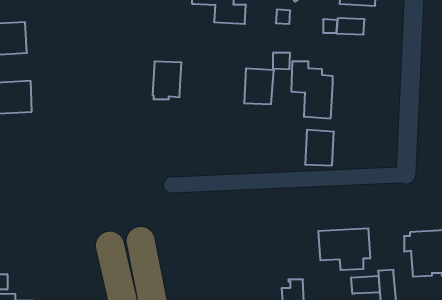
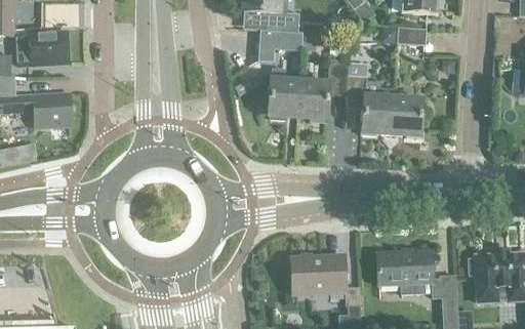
building: none -> [260,31,302,49]
building: [153,61,181,99] -> [269,79,299,119]
building: [305,130,334,165] -> [390,96,420,134]
building: none -> [290,254,346,294]
building: [351,276,380,294] -> none

